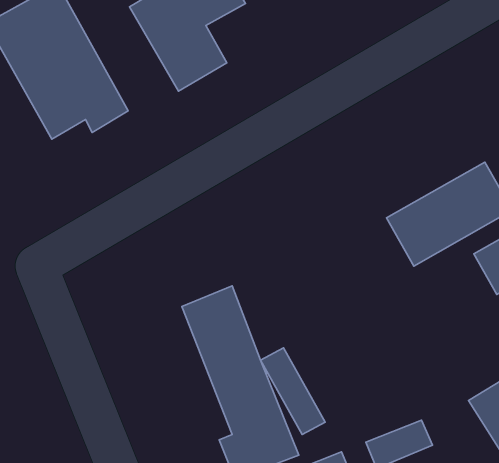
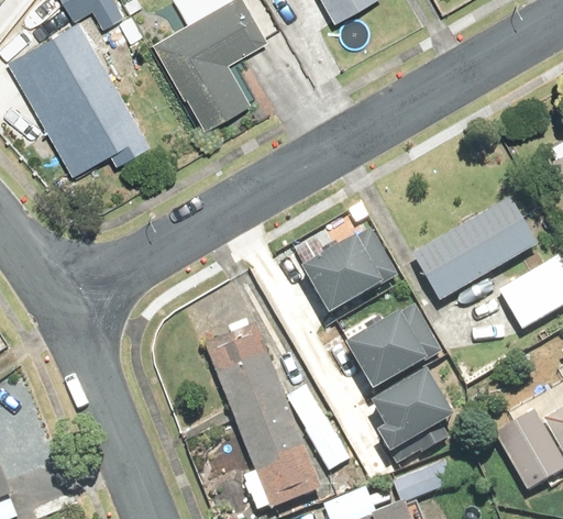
building: none -> [300,224,395,311]
building: none -> [345,298,440,385]
building: none -> [371,371,454,459]

